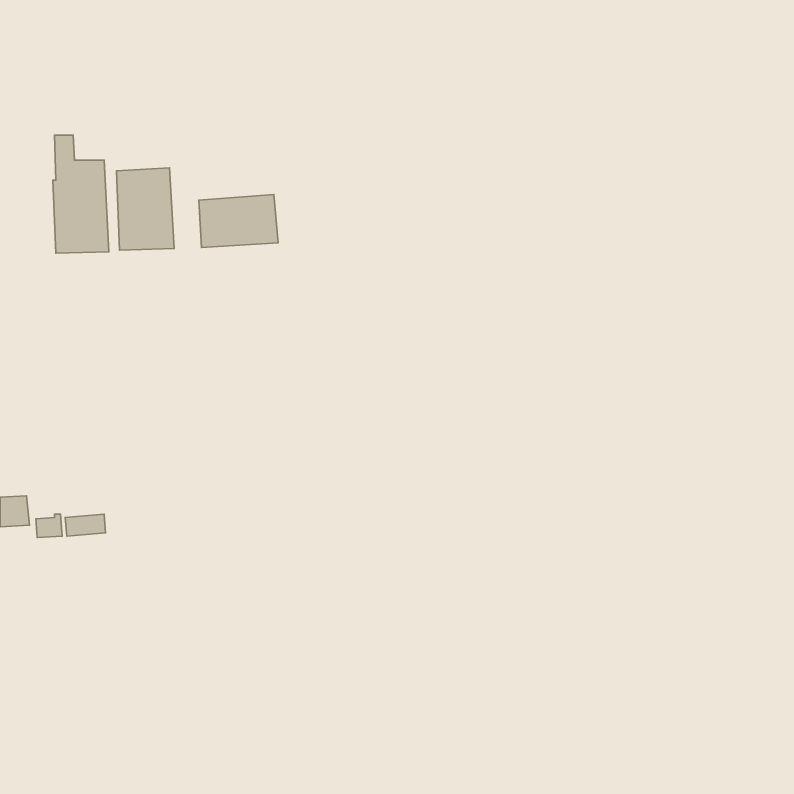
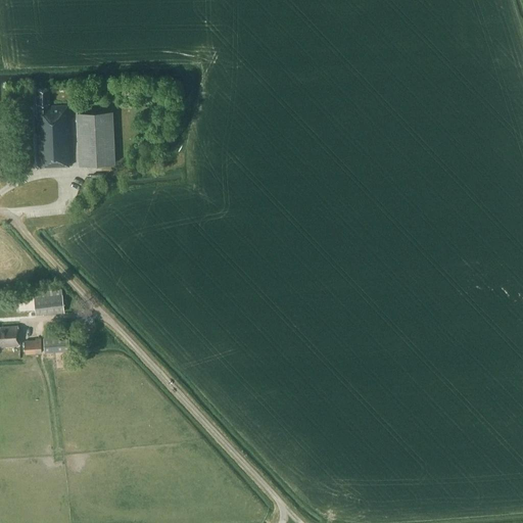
building: [199,195,278,247] -> none
building: none -> [34,294,64,314]

